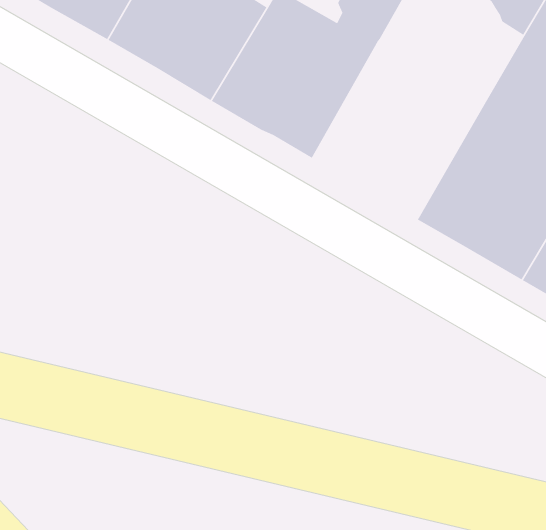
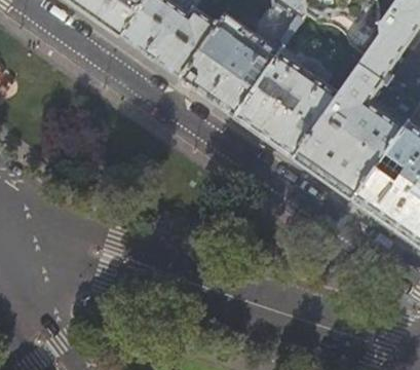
building: none -> [237,48,341,155]

